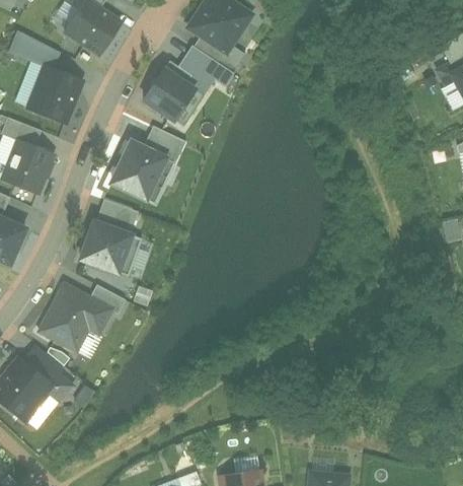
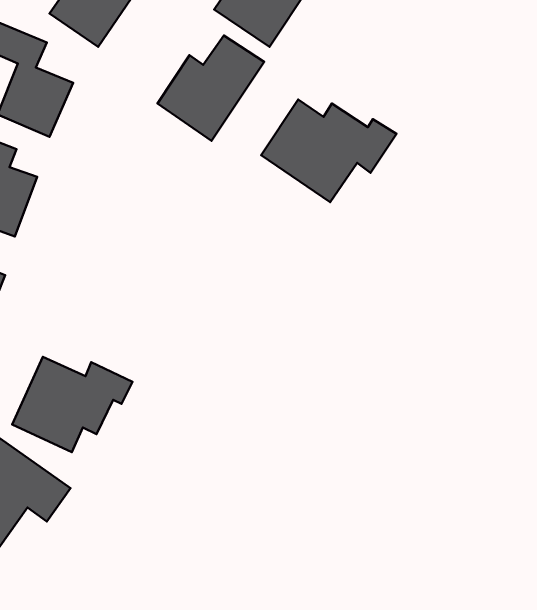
building: none -> [261,100,396,202]
building: [110,127,185,200] -> none
building: [79,201,141,274] -> none

